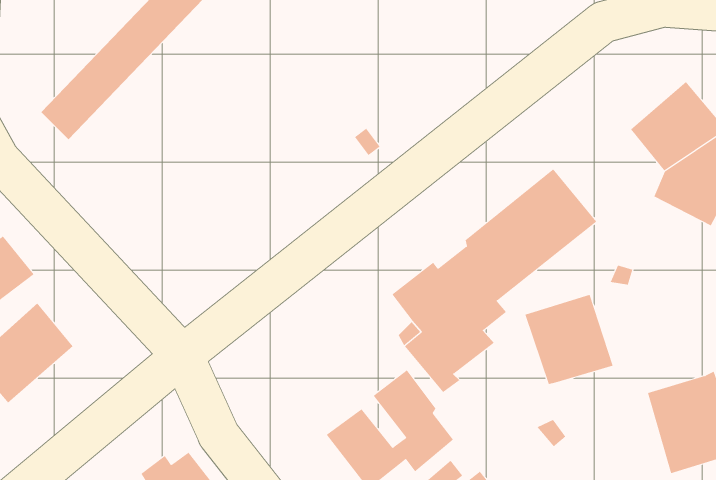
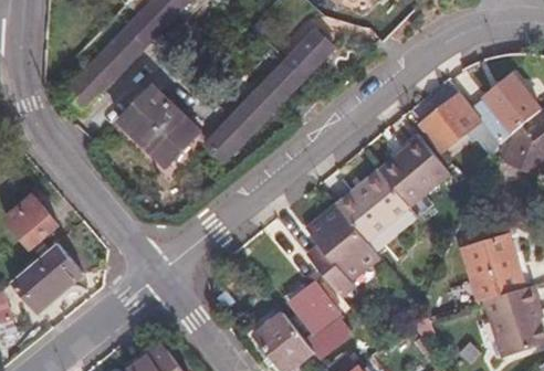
building: none -> [209,41,325,153]
building: none -> [117,91,195,169]
building: none -> [418,93,498,158]
building: [525,294,613,385] -> [463,234,526,298]

